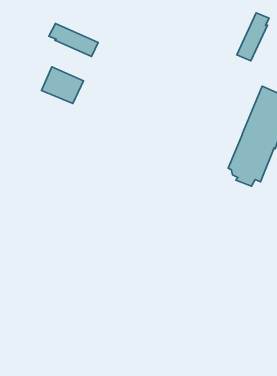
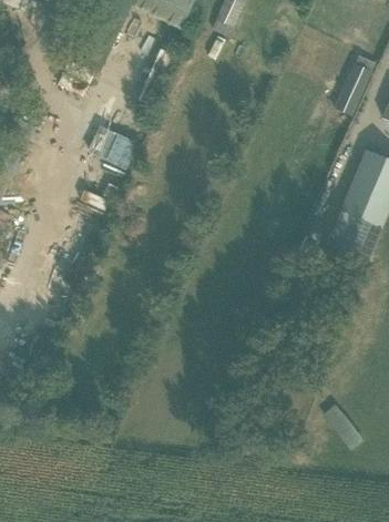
building: [49,24,98,56] -> none

